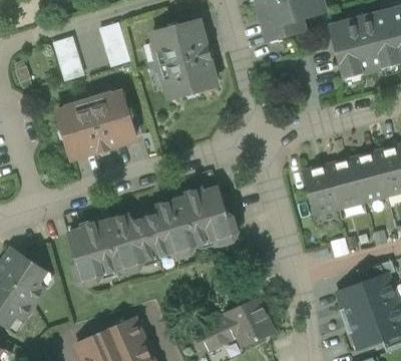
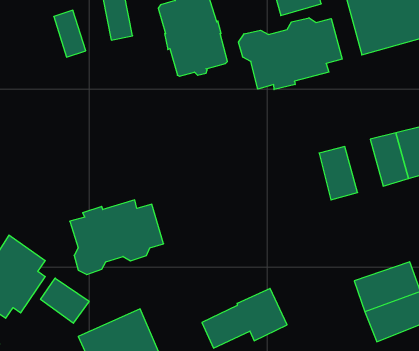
building: none -> [239,18,342,90]
building: [57,92,136,157] -> none
building: [327,157,363,208] -> none
building: [145,189,237,256] -> none
building: none -> [41,278,89,323]

